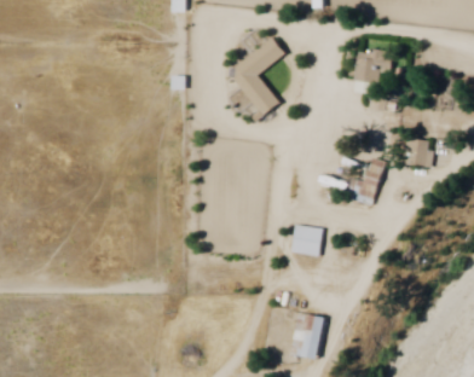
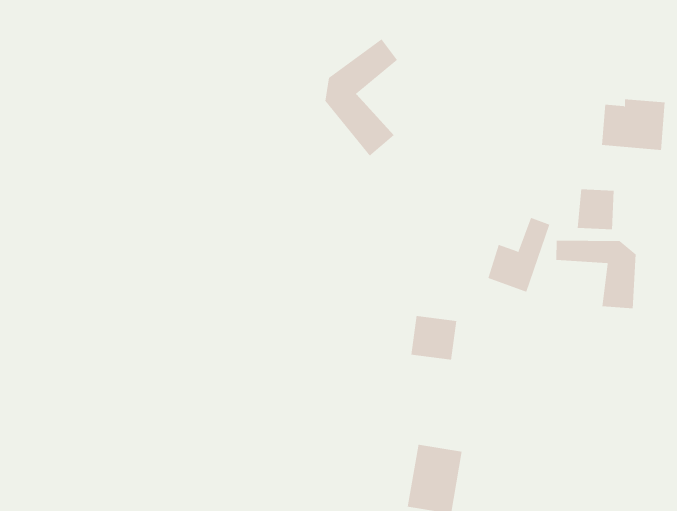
building: [353,47,397,82] -> [601,99,665,151]
building: none -> [556,240,636,309]

